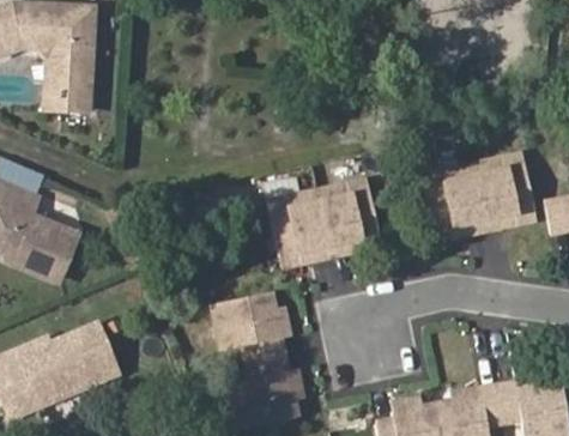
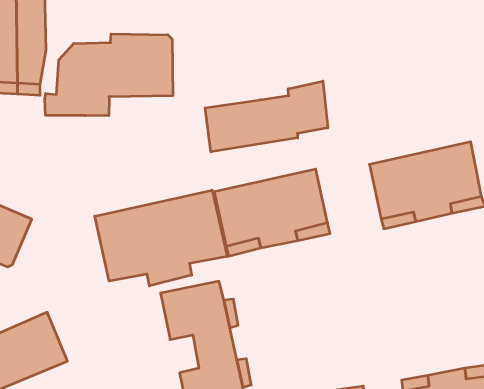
building: none -> [45,34,173,116]
building: none -> [205,81,328,152]
building: none -> [95,190,227,286]

